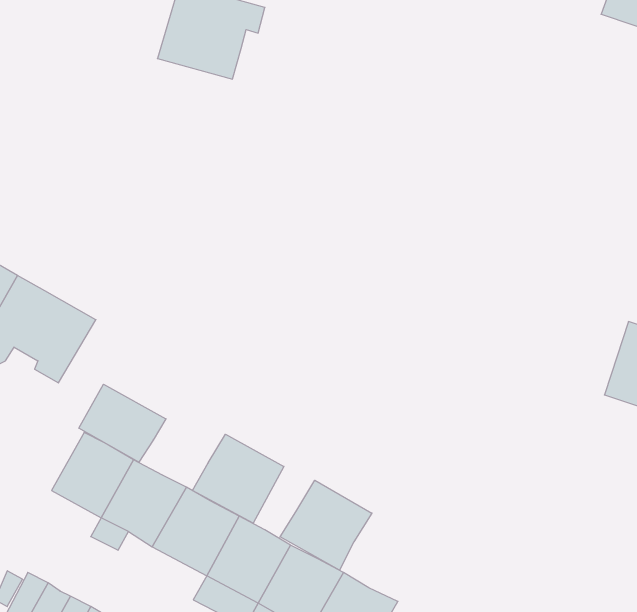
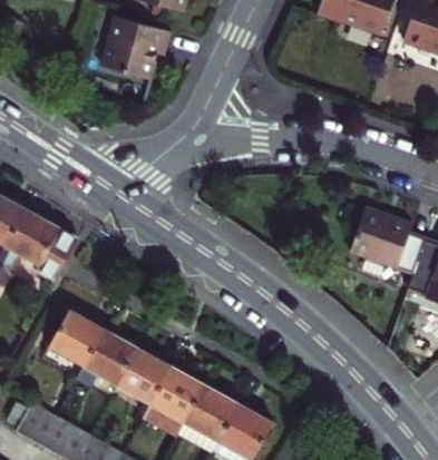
building: none -> [348,206,422,274]
building: [79,384,166,462] -> none
building: [192,434,284,523] -> none
building: [280,480,372,570] -> none

